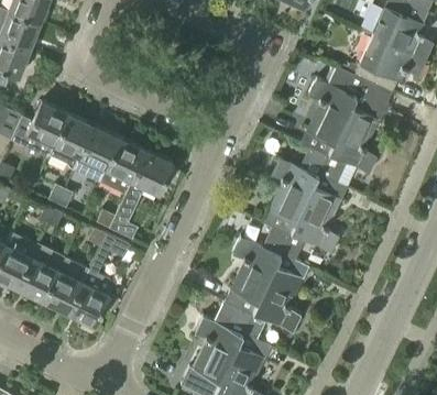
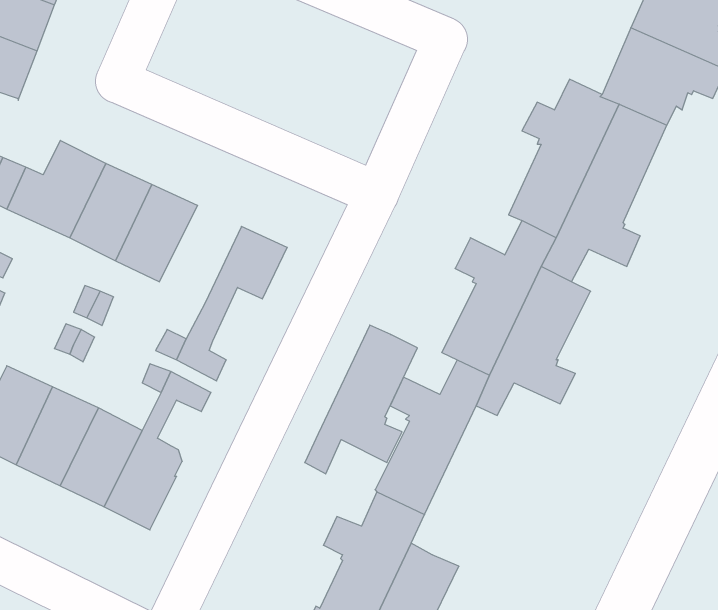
building: [99,139,146,195] -> none
building: [244,254,309,340] -> [305,325,417,474]

